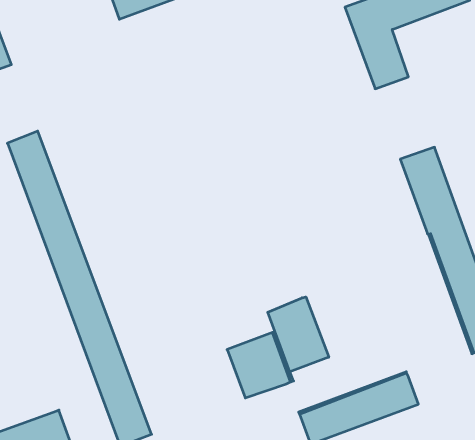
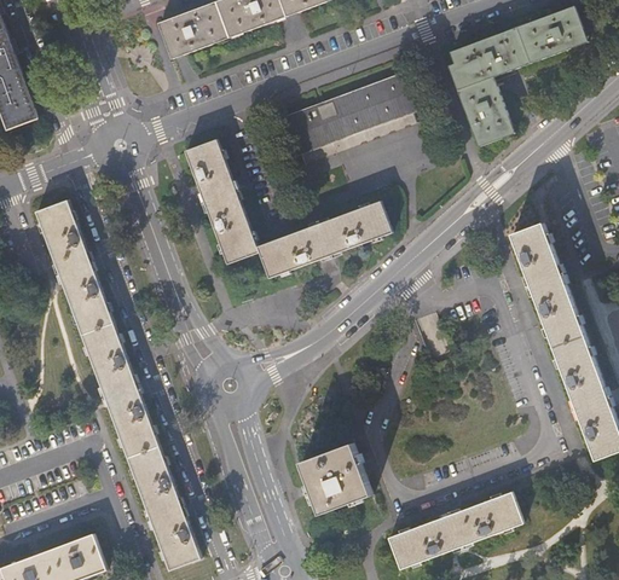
building: none -> [284,70,416,166]
building: none -> [181,133,395,280]
building: [268,297,329,372] -> none

